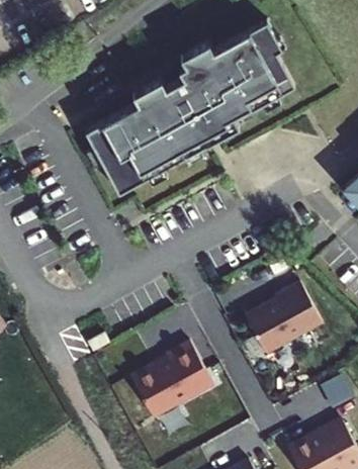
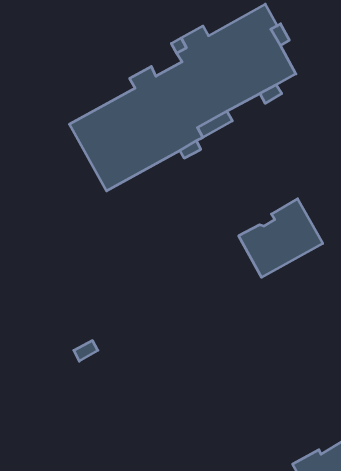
building: [244,281,322,354] -> [239,199,323,277]
building: [128,343,211,418] -> none

